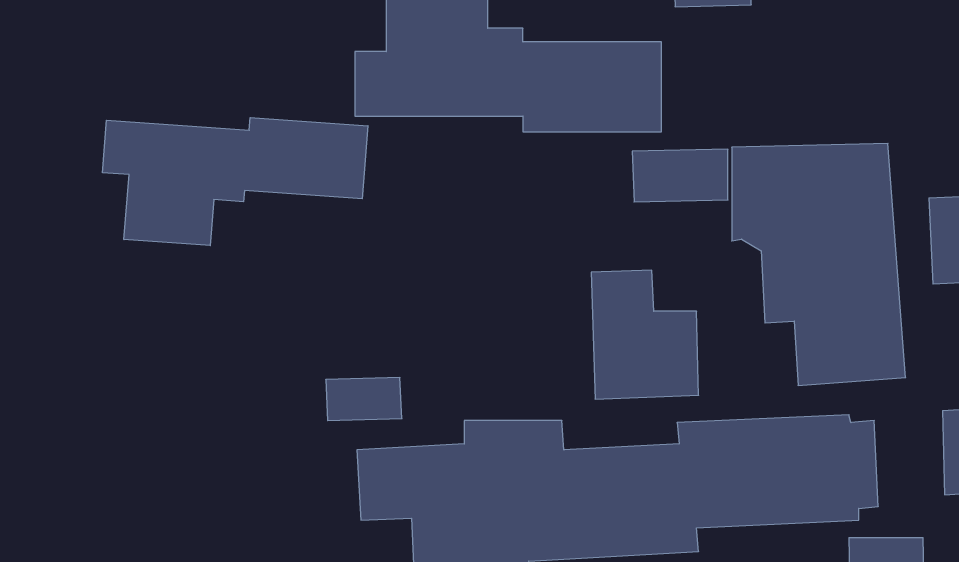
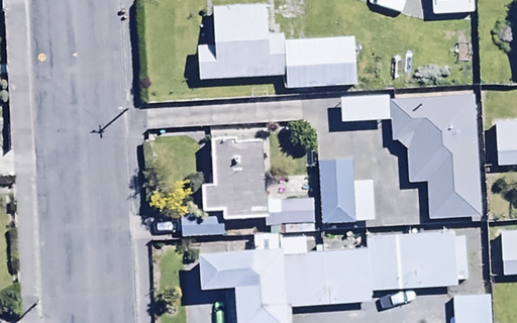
building: [103,118,368,246] -> none
building: none -> [202,130,315,232]

